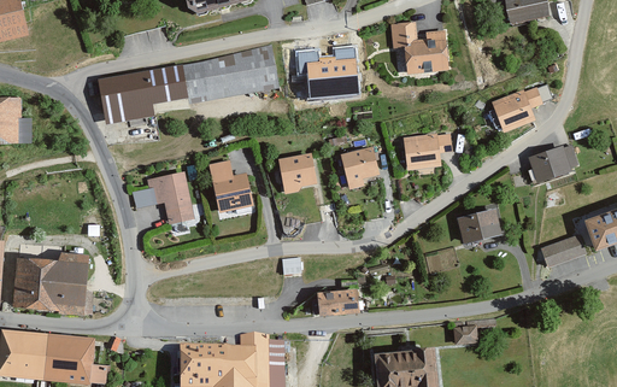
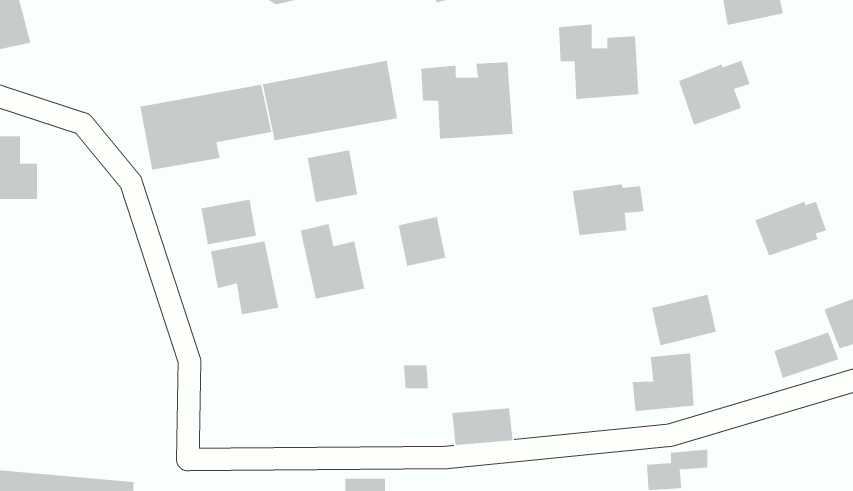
building: [492,86,542,131] -> [678,60,750,125]
building: none -> [307,149,358,203]
building: none -> [201,199,256,245]
building: [335,147,375,188] -> none
building: none -> [632,353,694,412]
building: [11,253,88,316] -> none

